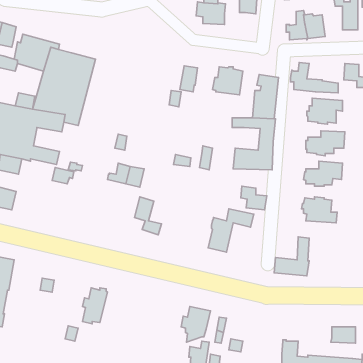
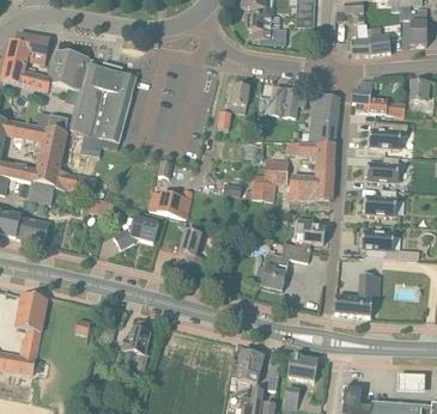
building: none -> [262,163,287,200]
building: none -> [114,214,159,248]
building: none -> [287,354,317,379]

